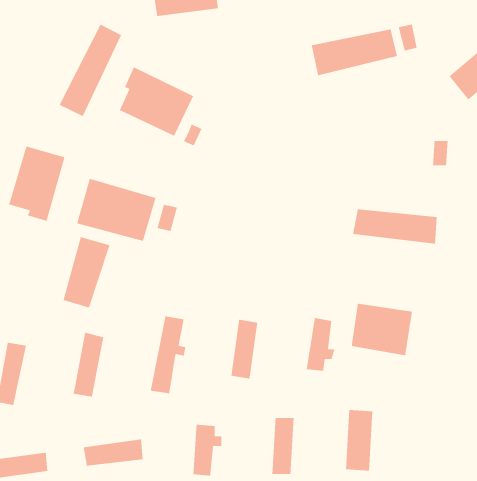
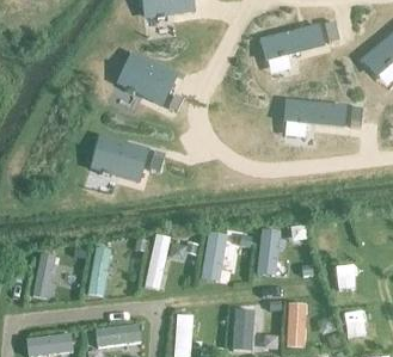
building: [58,24,122,117] -> none
building: [8,145,65,222] -> none
building: [352,208,438,244] -> [283,99,345,125]
building: [63,236,110,309] -> none
building: [351,303,413,356] -> none

